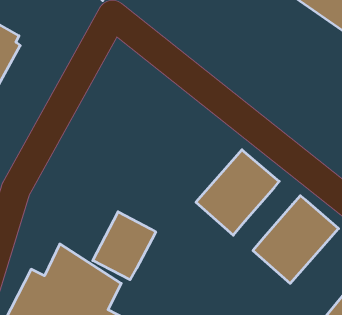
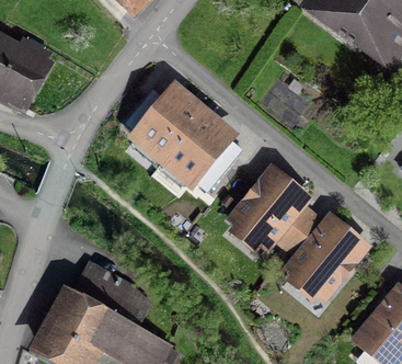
building: none -> [136,84,233,180]
building: none -> [275,206,322,255]
building: [93,212,156,280] -> none

